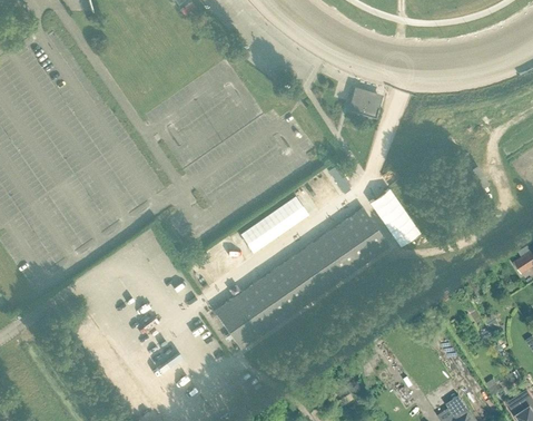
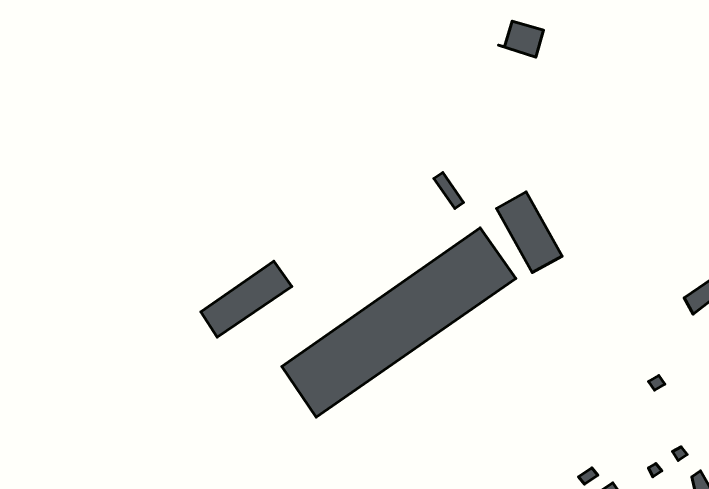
building: [346,94,379,120] -> [499,21,543,57]
building: [238,197,306,254] -> [201,261,292,337]

